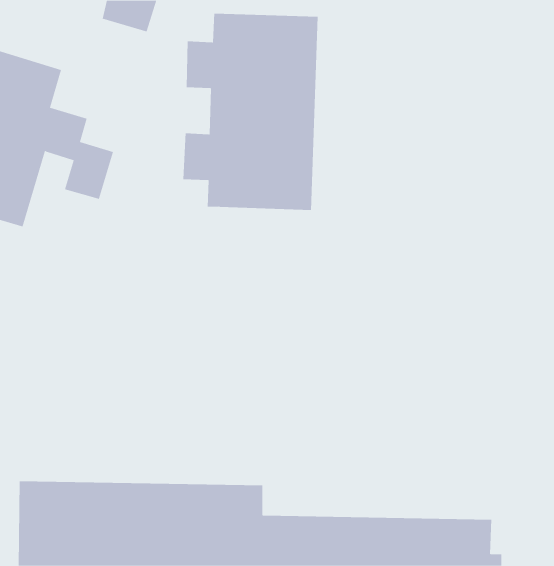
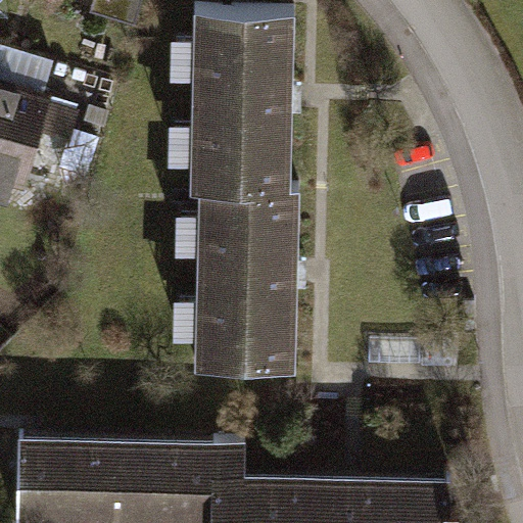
building: none -> [172,191,299,373]

